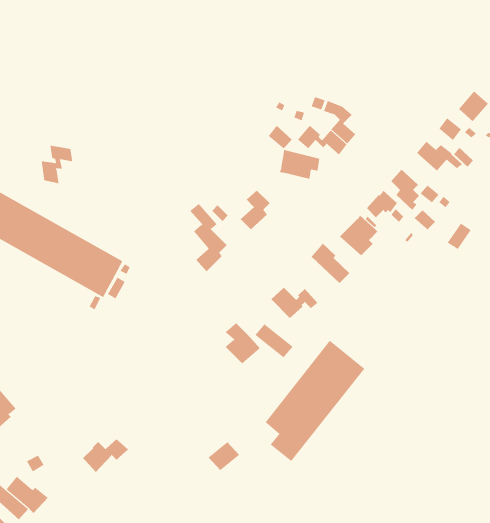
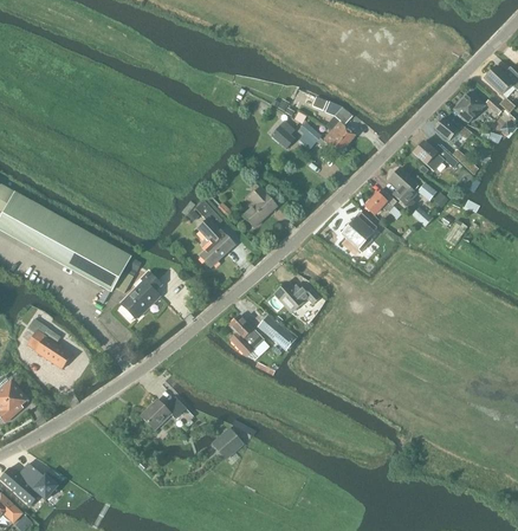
building: [41,145,73,184] -> none
building: [279,149,320,180] -> none
building: [310,243,350,284] -> none
building: none -> [119,271,161,317]
building: none -> [27,318,71,368]
building: [265,340,365,462] -> none
building: [81,439,129,473] -> [140,396,186,429]

